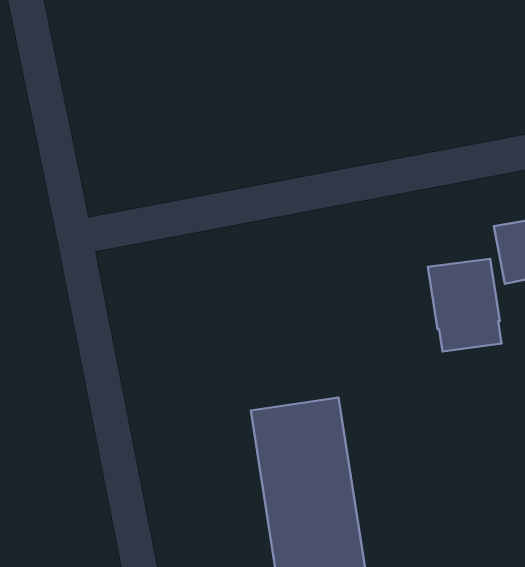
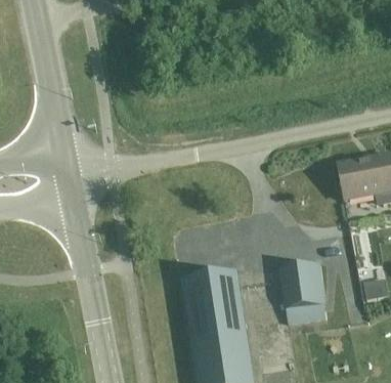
building: [428,259,501,352] -> [278,261,325,321]

